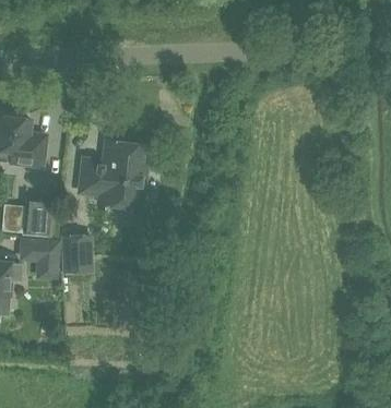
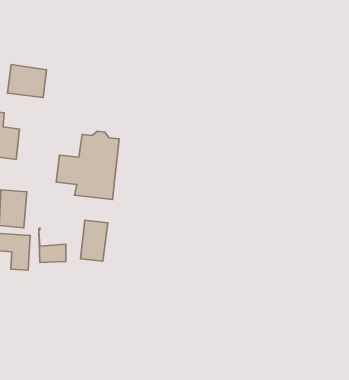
building: none -> [8,64,47,97]
building: none -> [81,220,108,261]

